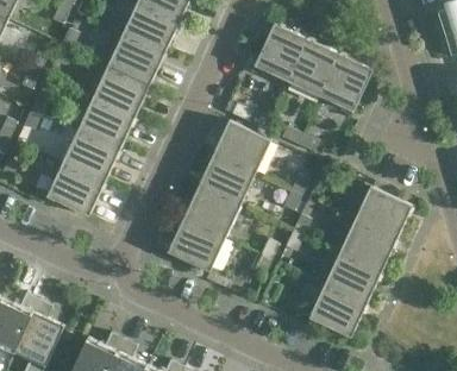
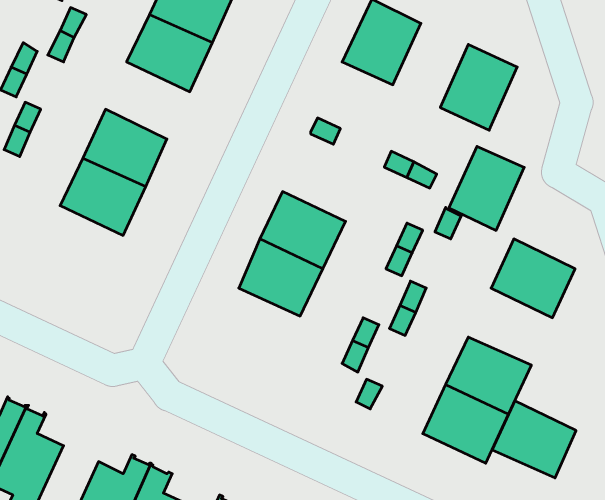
building: [287,39,338,96] -> [449,146,524,230]
building: [92,65,149,118] -> none
building: [212,120,270,174] -> none
building: [45,163,104,216] -> none
building: [165,219,224,271] -> none
building: [338,219,395,271] -> [492,401,576,478]

